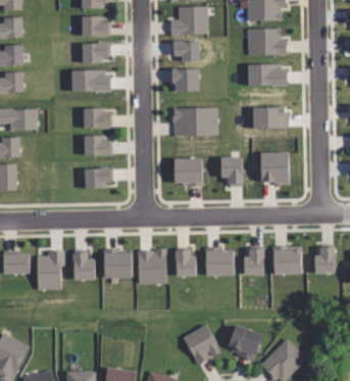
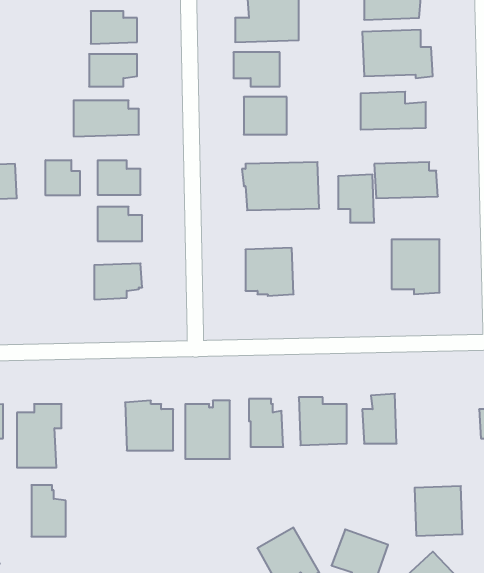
building: none -> [46,160,80,195]
building: [221,157,243,186] -> [338,175,374,223]
building: [273,245,302,275] -> [415,486,463,536]
building: [74,250,95,281] -> [31,485,66,537]

